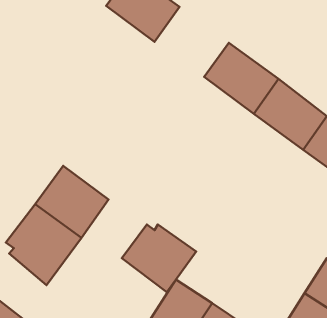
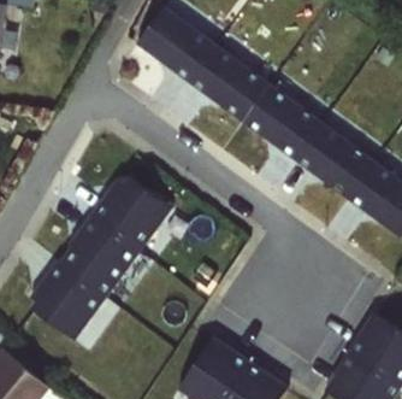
building: none -> [188,43,267,118]
building: [122,224,196,292] -> [90,177,170,250]

